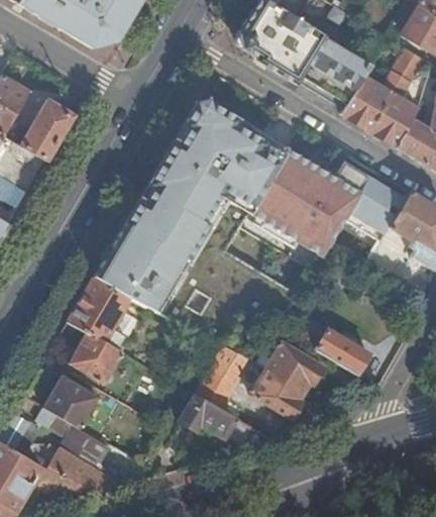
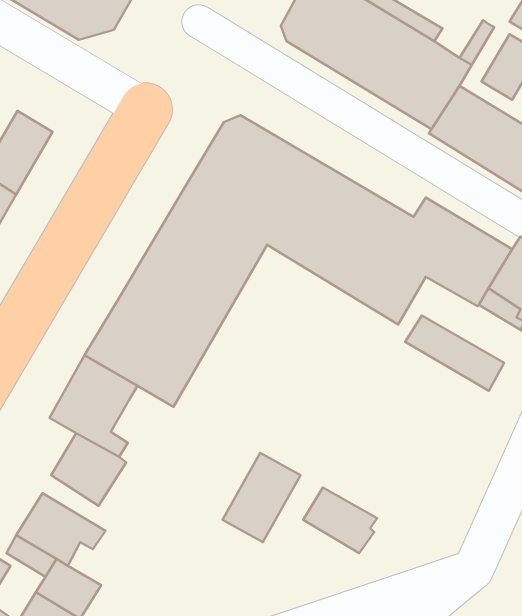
building: [299,319,370,374] -> [405,315,504,391]
building: [267,343,325,394] -> none
building: [180,395,253,445] -> none

